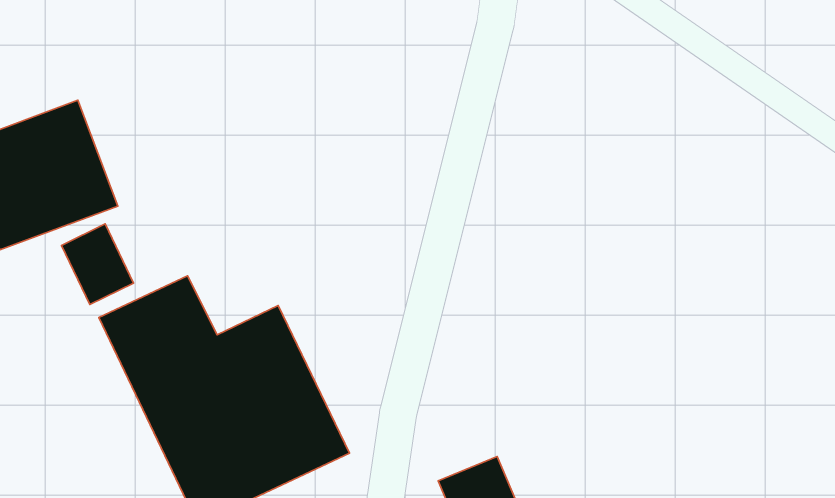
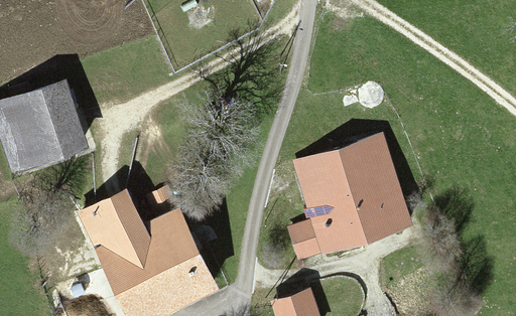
building: none -> [292,129,414,266]
building: [61,224,133,304] -> none

